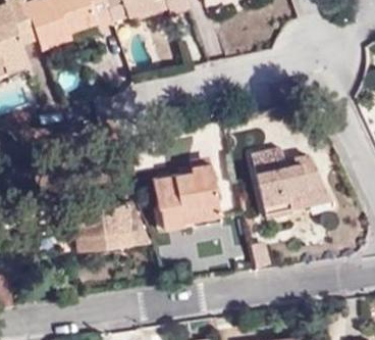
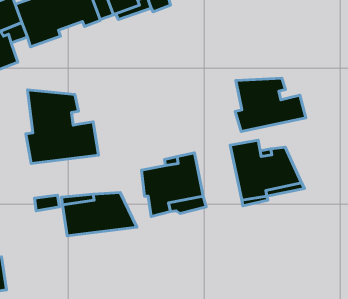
building: none -> [235,78,306,131]
building: none -> [26,90,99,164]

